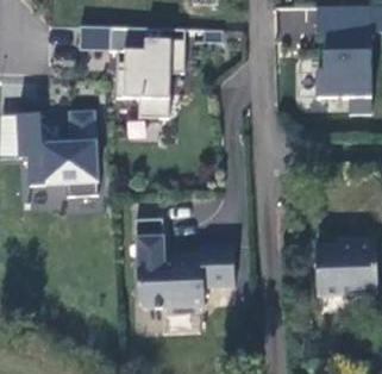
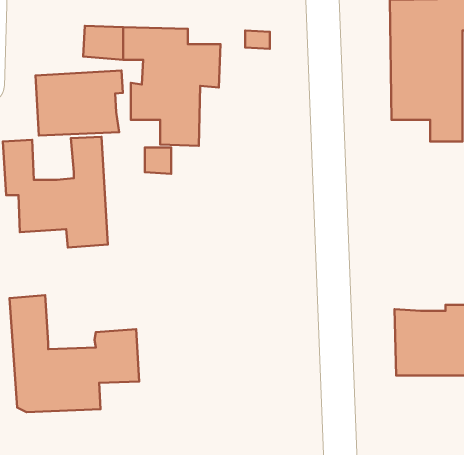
building: none -> [35,70,123,136]
building: [133,218,233,308] -> [10,295,139,412]

